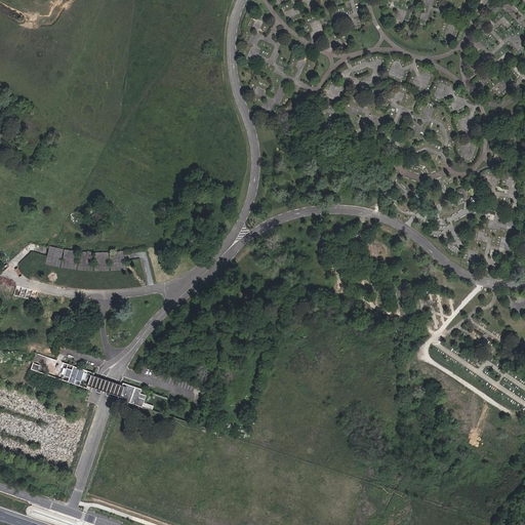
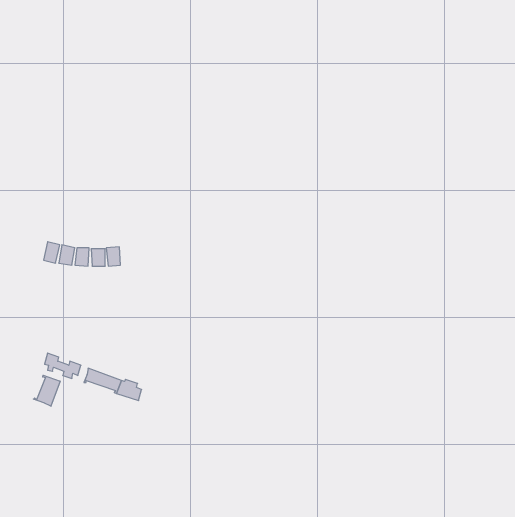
building: none -> [33,375,60,406]

